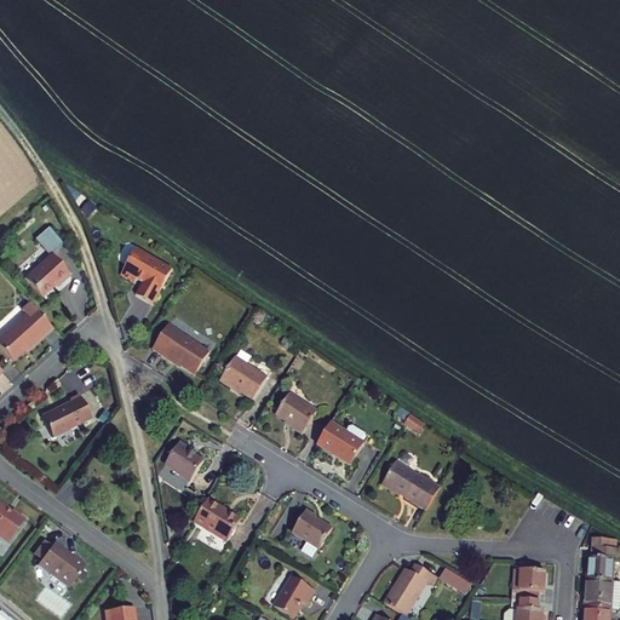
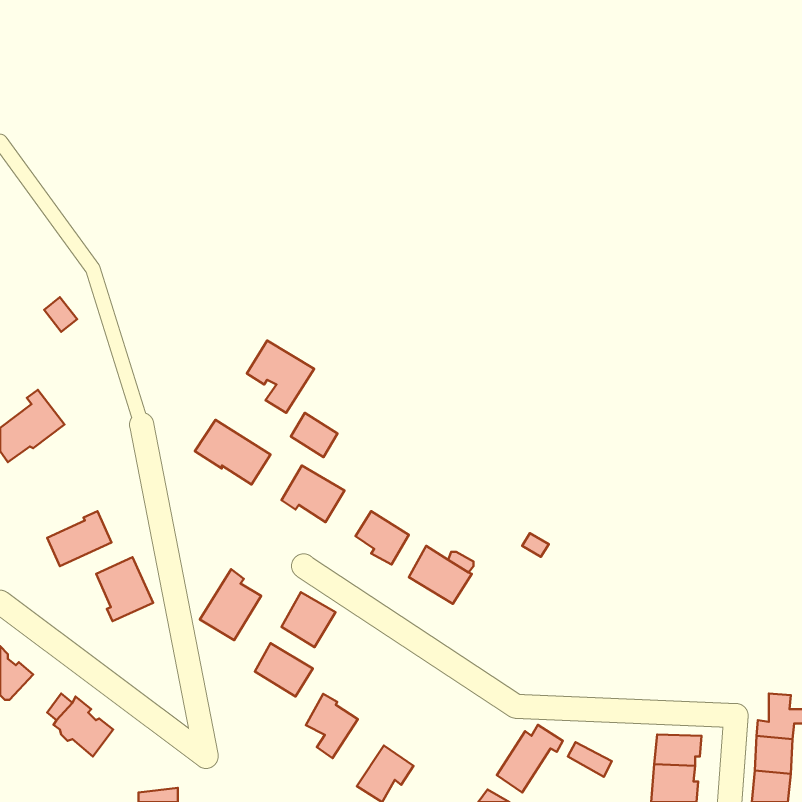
building: [121,249,173,305] -> [247,340,314,413]
building: [27,253,73,297] -> none
building: none -> [291,413,337,457]
building: none -> [96,557,153,621]
building: none -> [281,592,335,647]
building: [380,459,440,505] -> none
building: [293,506,333,556] -> [306,694,358,758]

